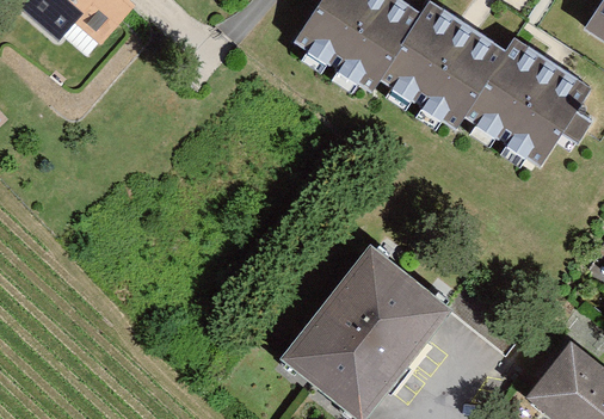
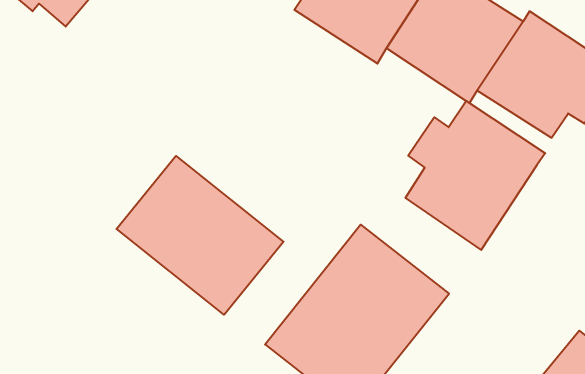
building: none -> [405,101,545,250]
building: none -> [116,156,284,315]

